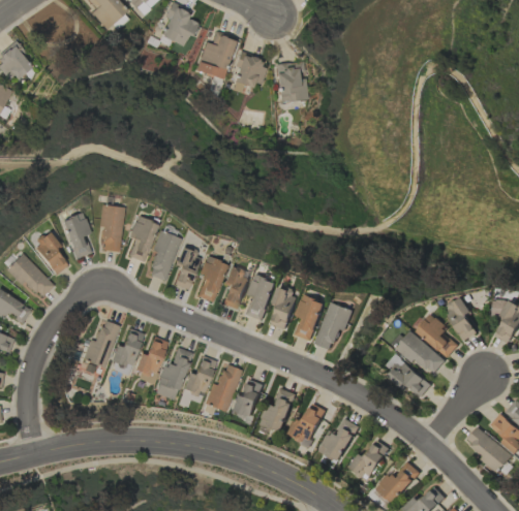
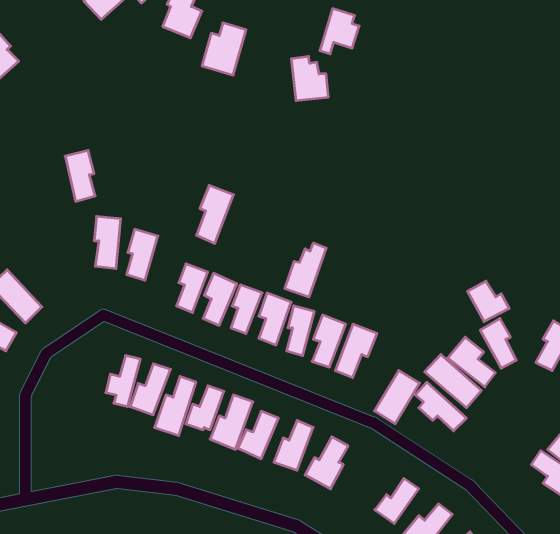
building: [232,53,267,93] -> [320,9,359,54]
building: [64,214,91,259] -> [65,150,95,201]
building: none -> [285,243,326,297]
building: [149,230,182,282] -> [196,185,234,243]
building: [33,232,68,275] -> none
building: none -> [468,281,509,322]
building: [79,320,119,375] -> none
building: [319,415,360,462] -> [374,370,420,424]
building: [464,426,511,471] -> none

